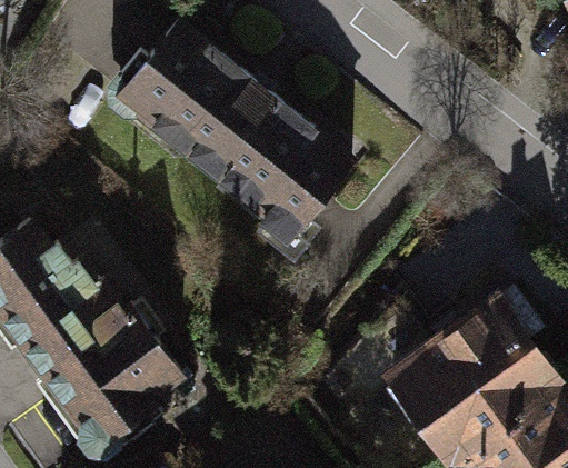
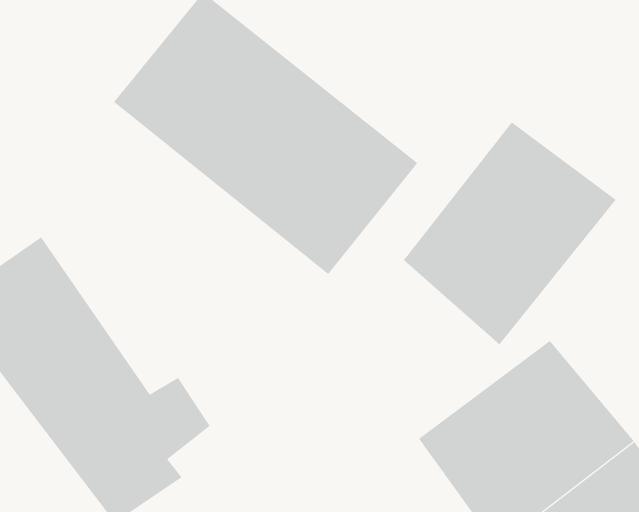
building: none -> [403,121,617,345]

